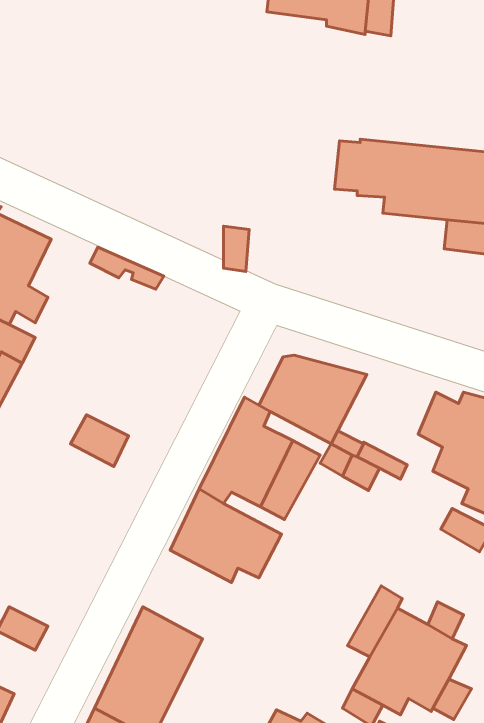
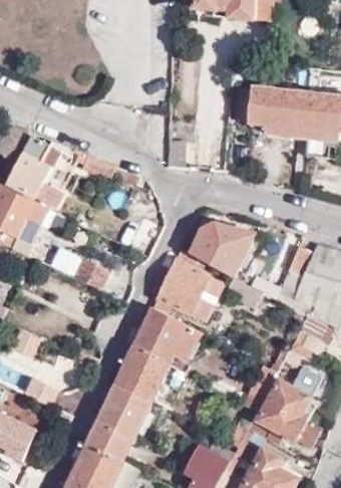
building: none -> [116,343,172,399]

